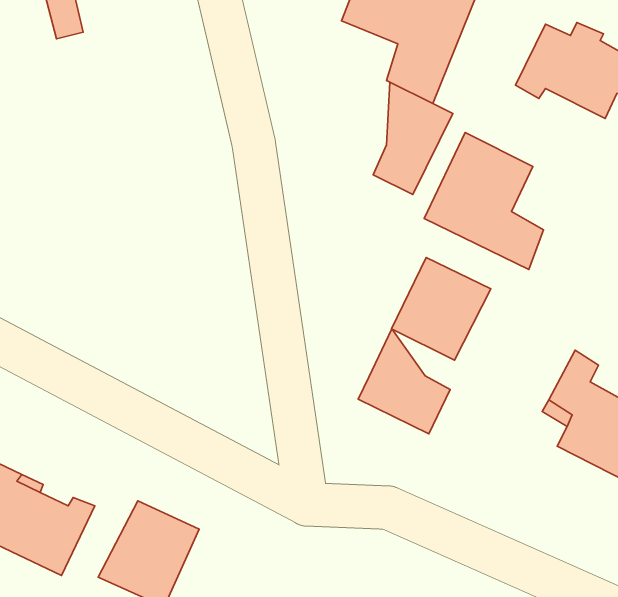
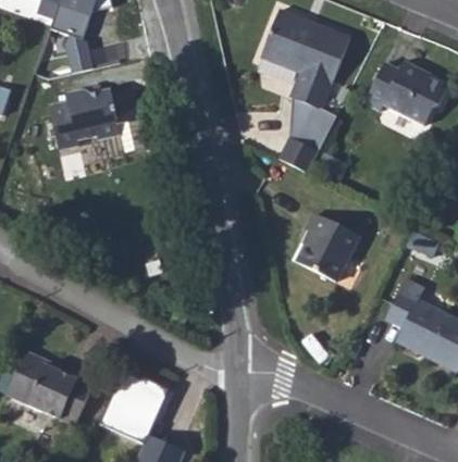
building: none -> [45,93,139,154]
building: [424,132,544,270] -> none
building: [358,329,450,434] -> none

